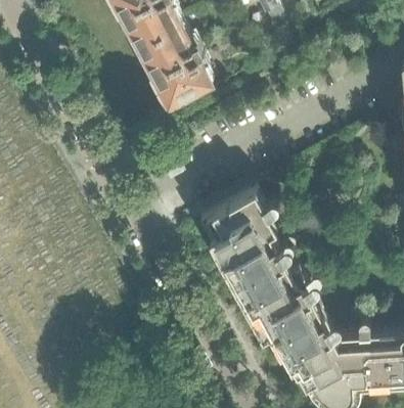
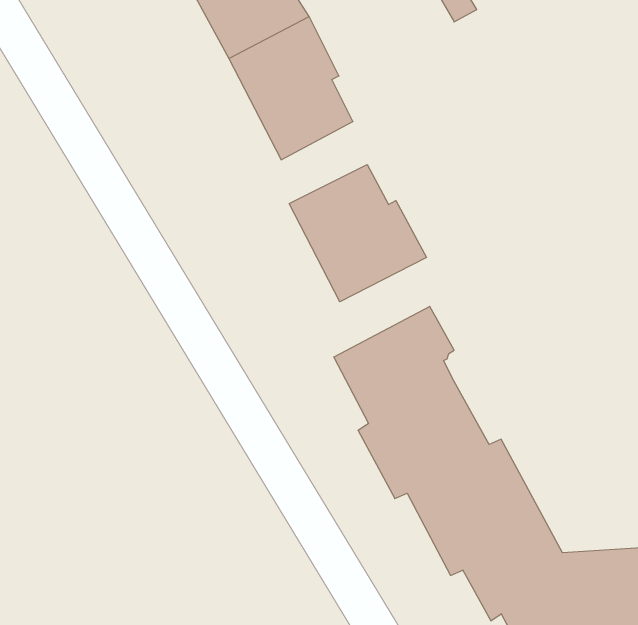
building: none -> [289,165,426,302]

